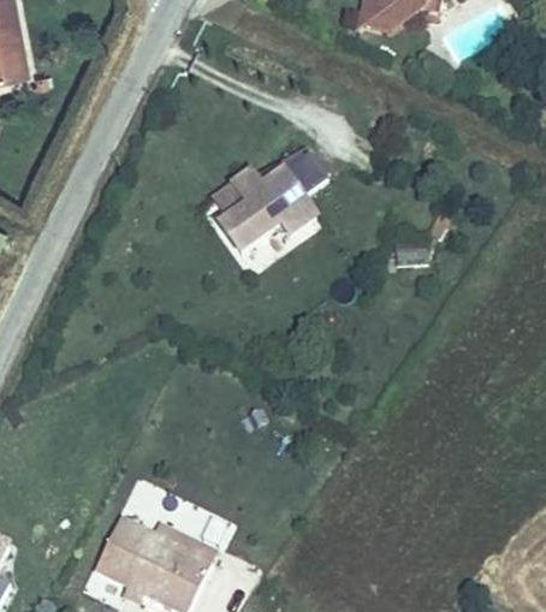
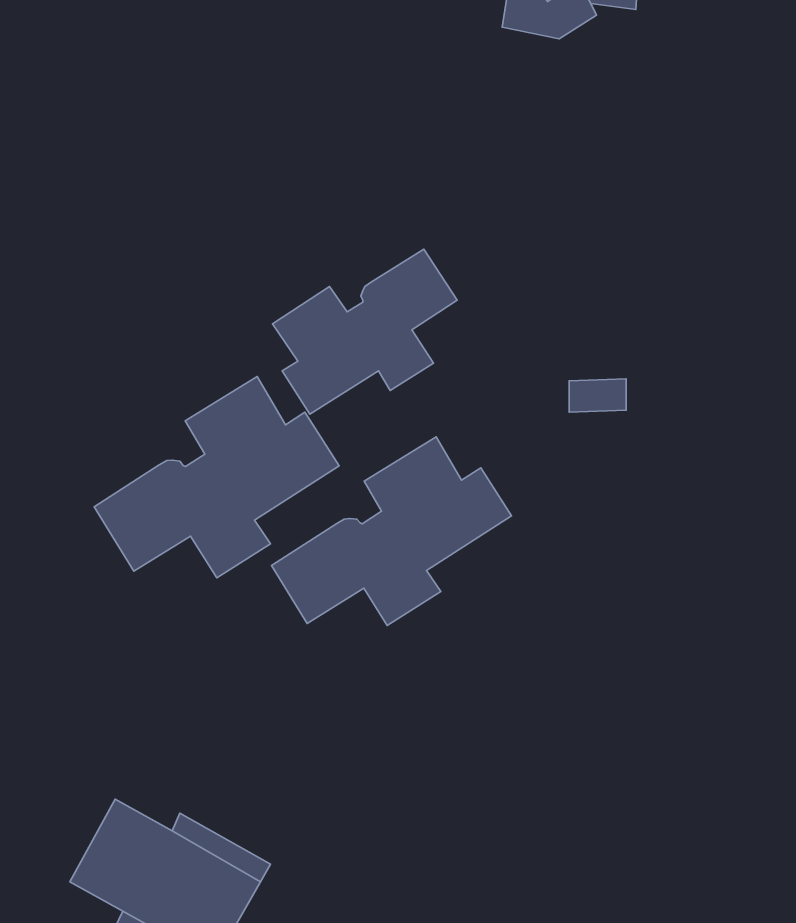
building: none -> [94,376,339,578]
building: none -> [271,437,511,626]

